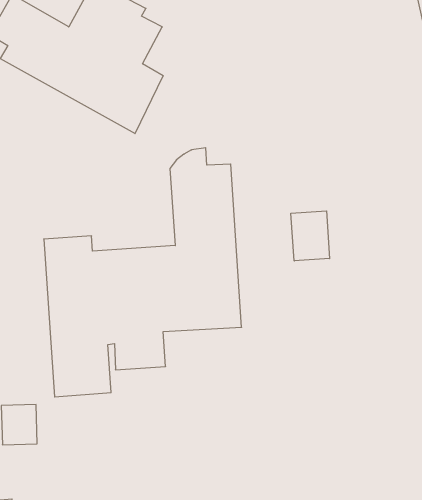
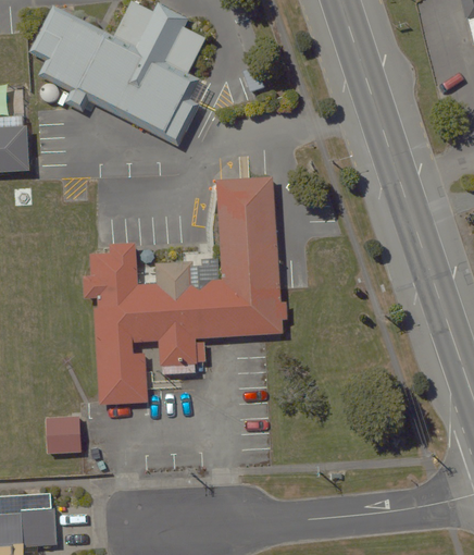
building: [291,211,330,261] -> none

